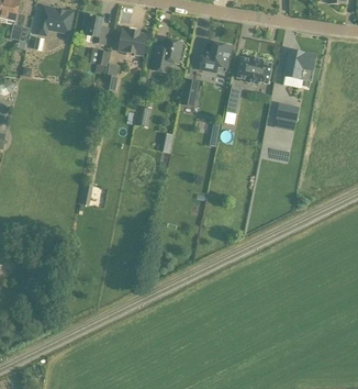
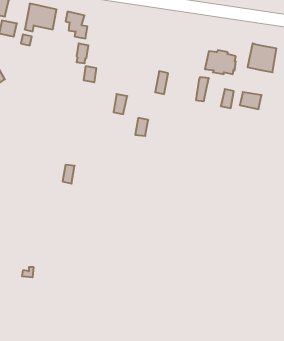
building: [119,29,147,55] -> none
building: [154,37,182,71] -> none
building: [200,42,231,71] -> none

